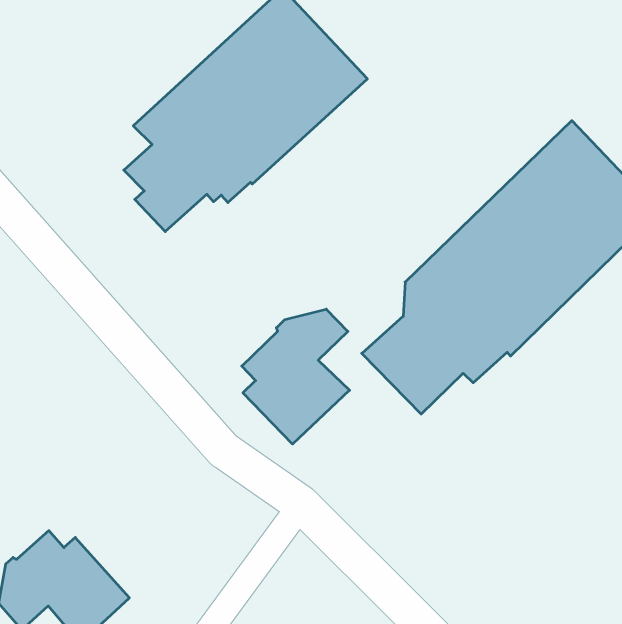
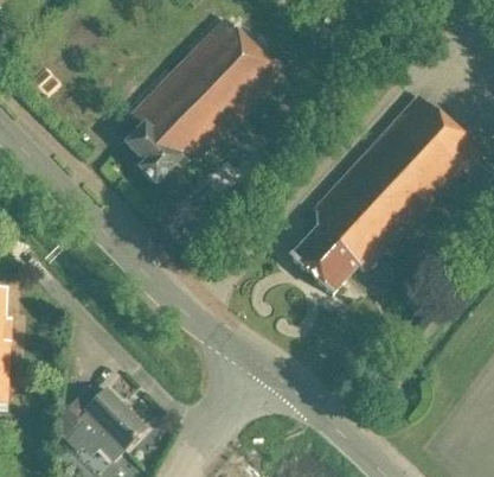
building: [242,309,350,444] -> none

